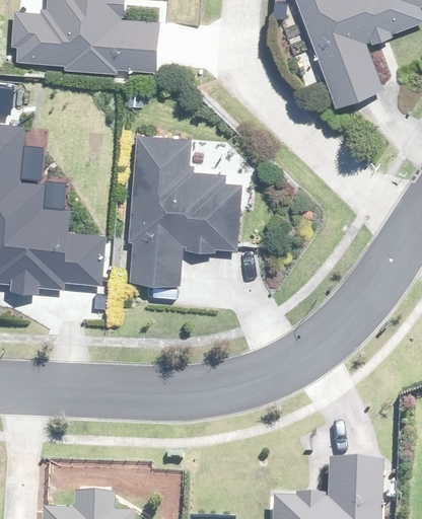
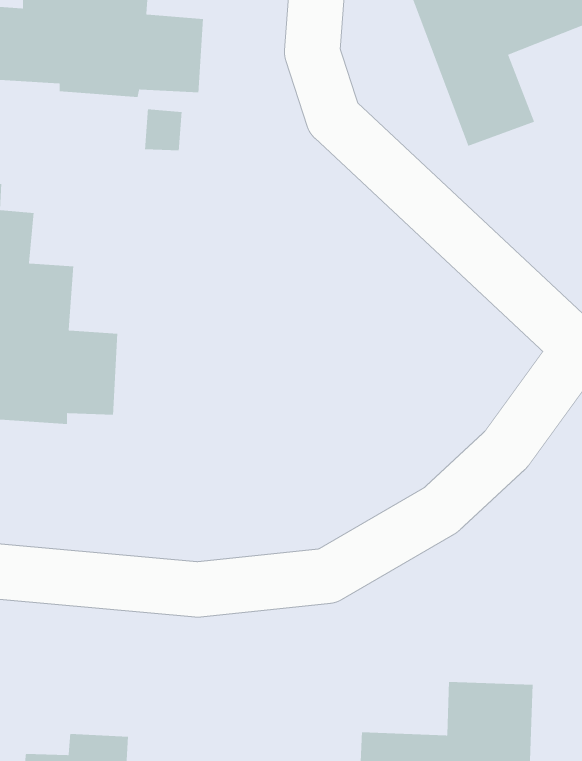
building: [126,134,240,289] -> none

